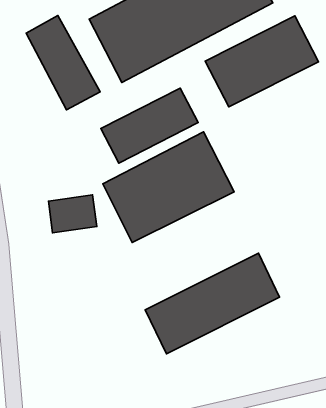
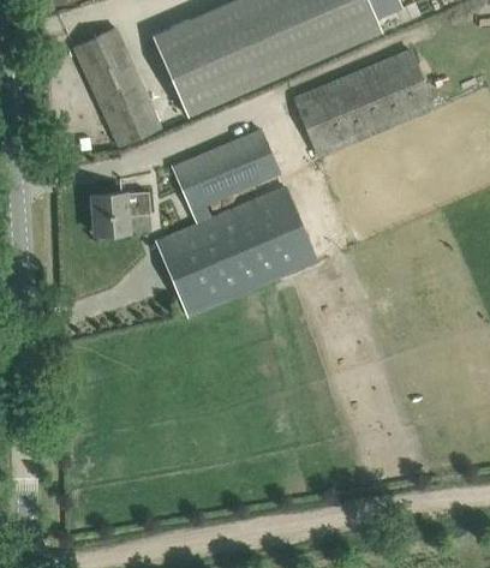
building: [48,195,97,233] -> [92,191,150,234]
building: [145,253,280,354] -> none

